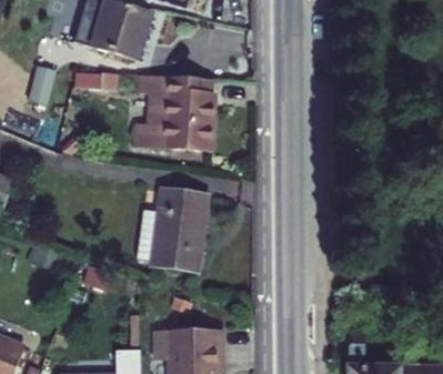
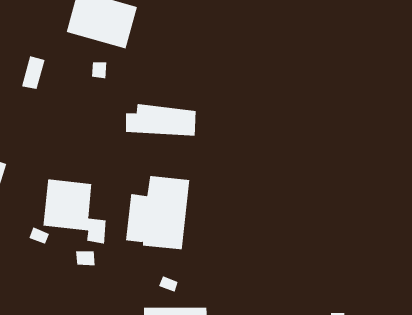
building: [139,72,212,122] -> none
building: none -> [43,179,106,244]

